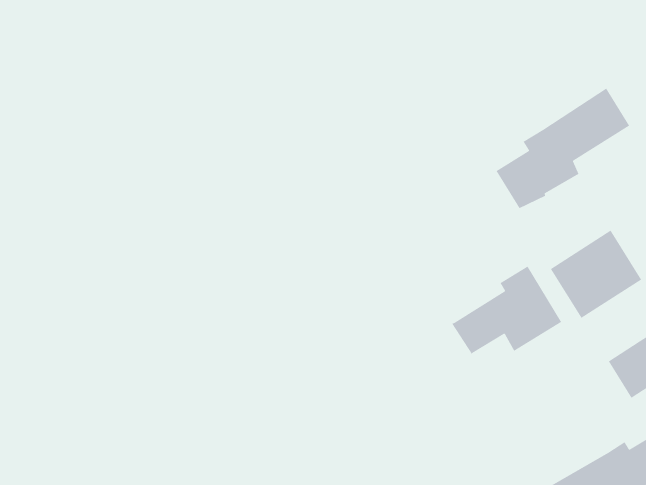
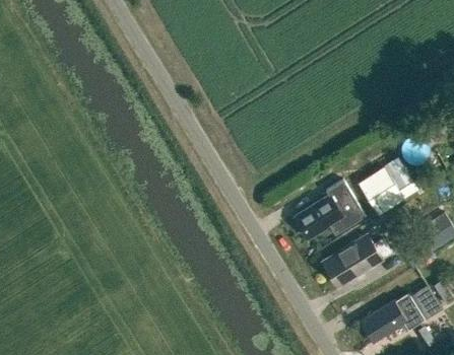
building: [496,88,630,209] -> none
building: none -> [323,235,392,287]

